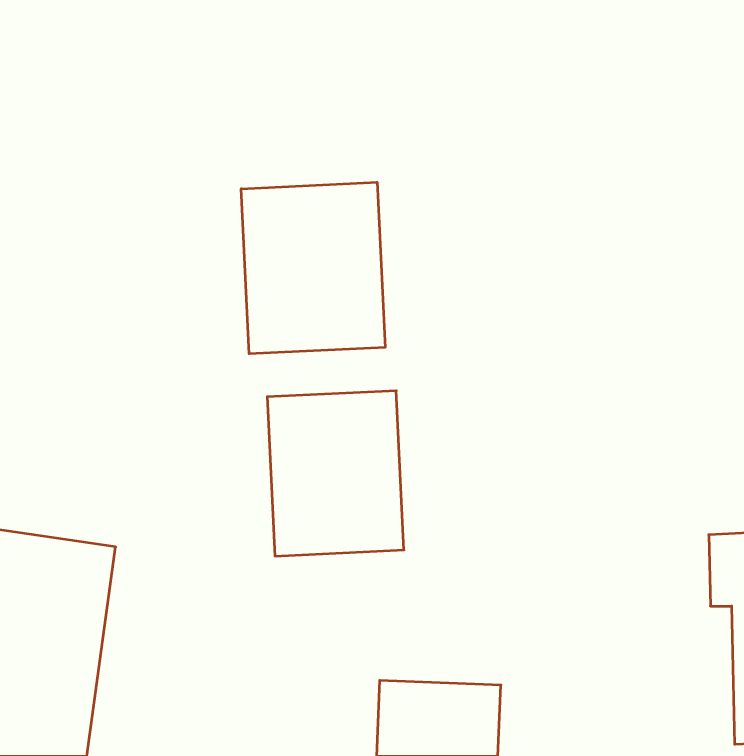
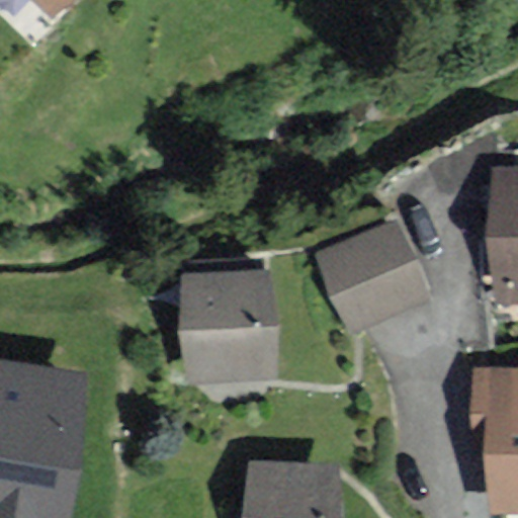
building: [241,182,385,354] -> none
building: none -> [316,219,430,336]

